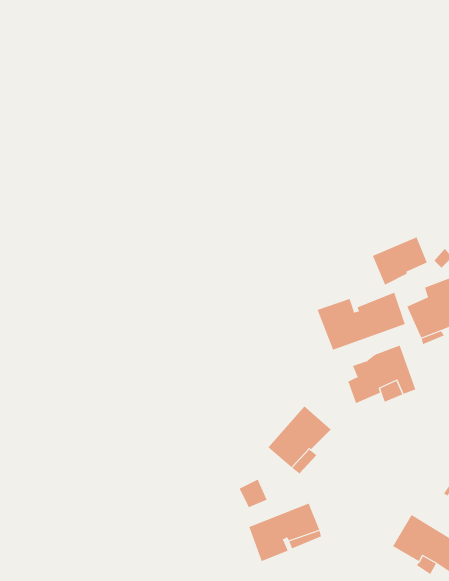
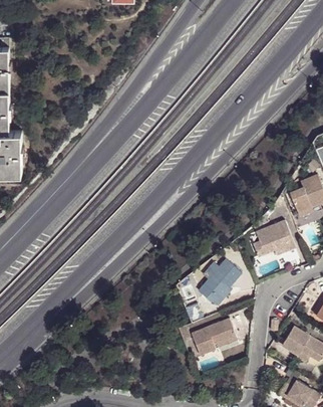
building: [372,237,428,285] -> none
building: [317,292,406,351] -> none

